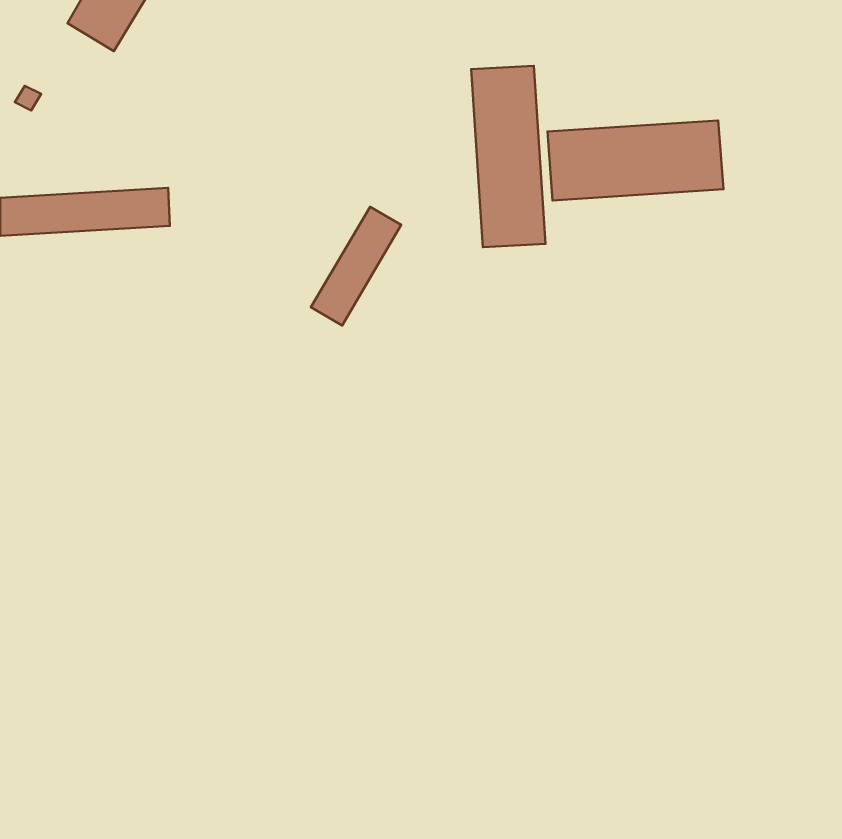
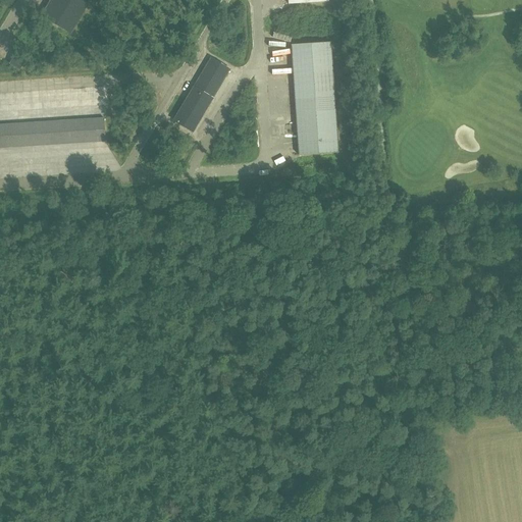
building: [547,120,723,200] -> none
building: [311,207,401,325] -> [173,57,229,130]

